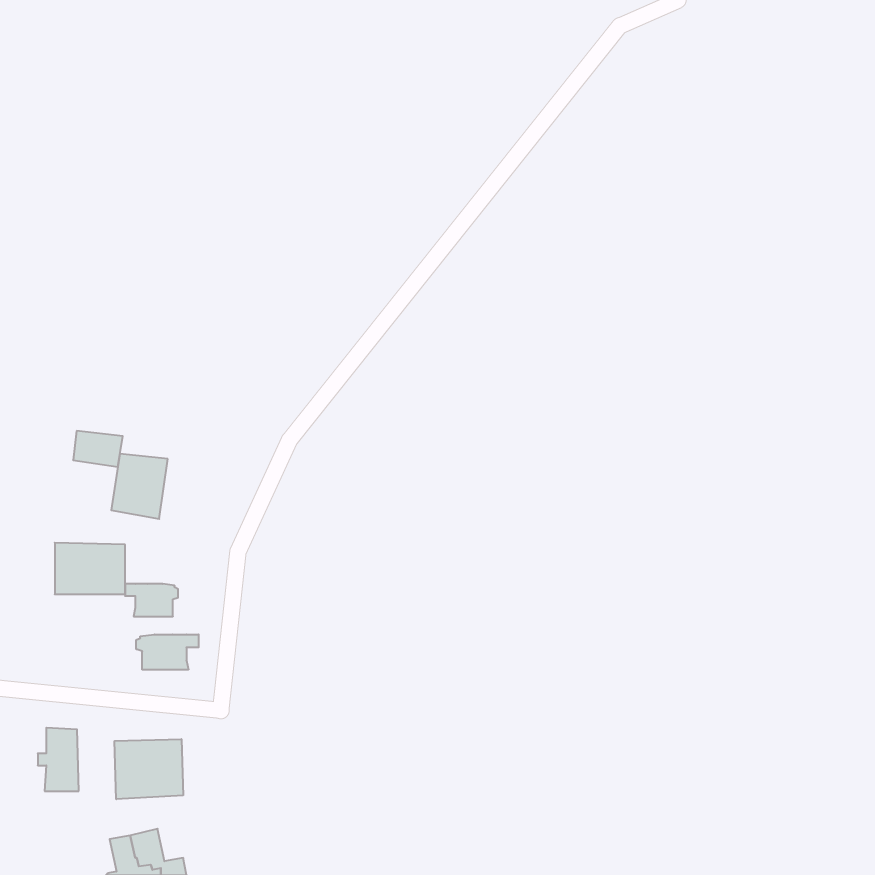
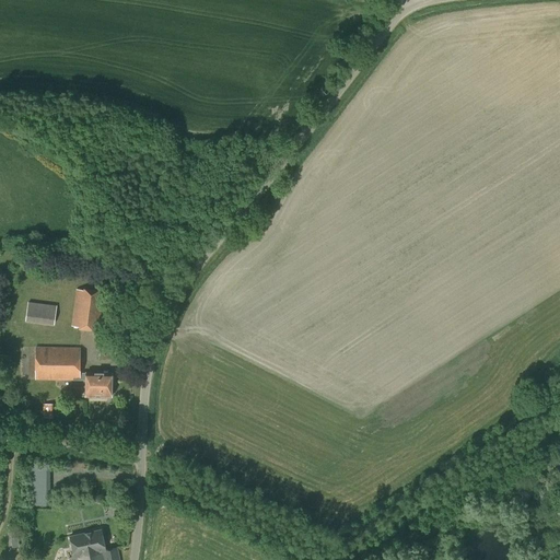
building: [73,431,123,467] -> [25,302,57,325]
building: [136,634,199,670] -> none
building: [115,739,183,799] -> none

